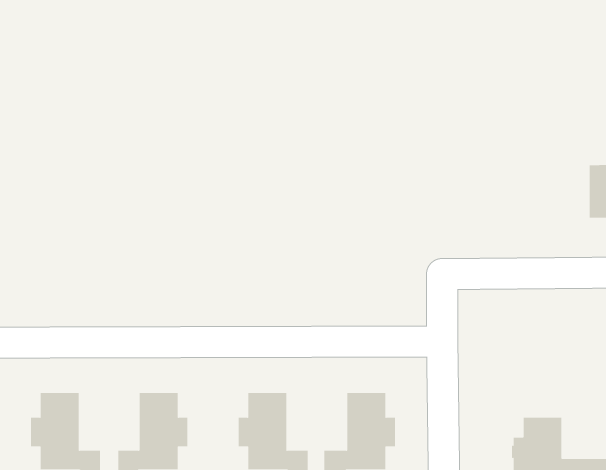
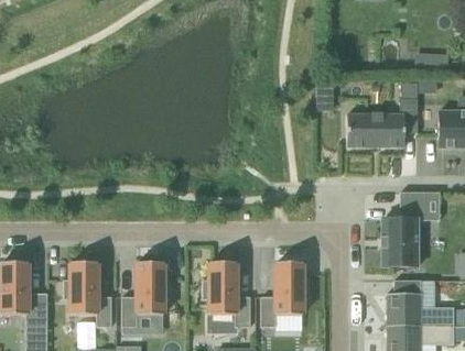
building: none -> [346,98,417,146]
building: none -> [380,193,426,267]

